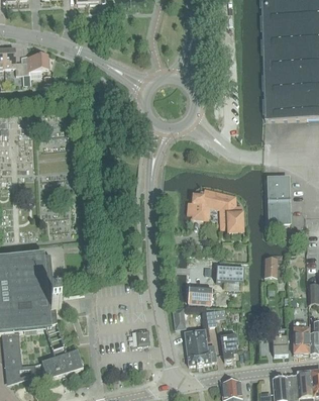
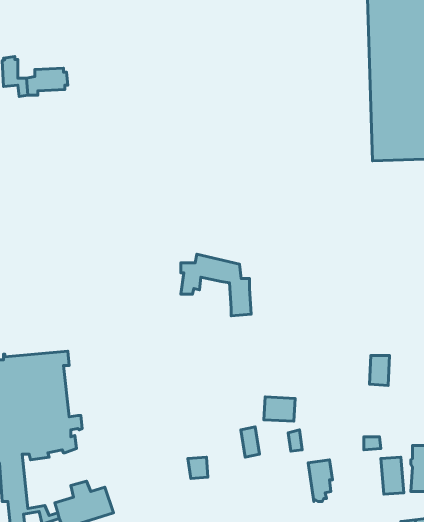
building: [267,178,289,224] -> none
building: [192,189,241,232] -> [181,254,251,316]
building: [215,266,244,283] -> none
building: [184,330,215,366] -> none

